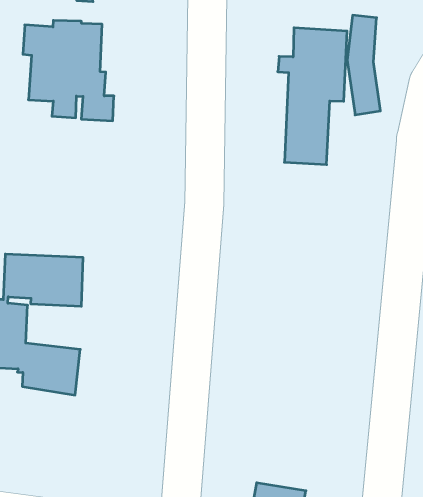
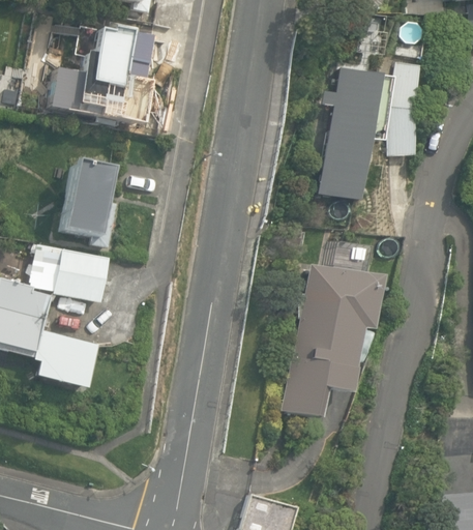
building: none -> [62,157,116,243]
building: none -> [282,257,380,418]

